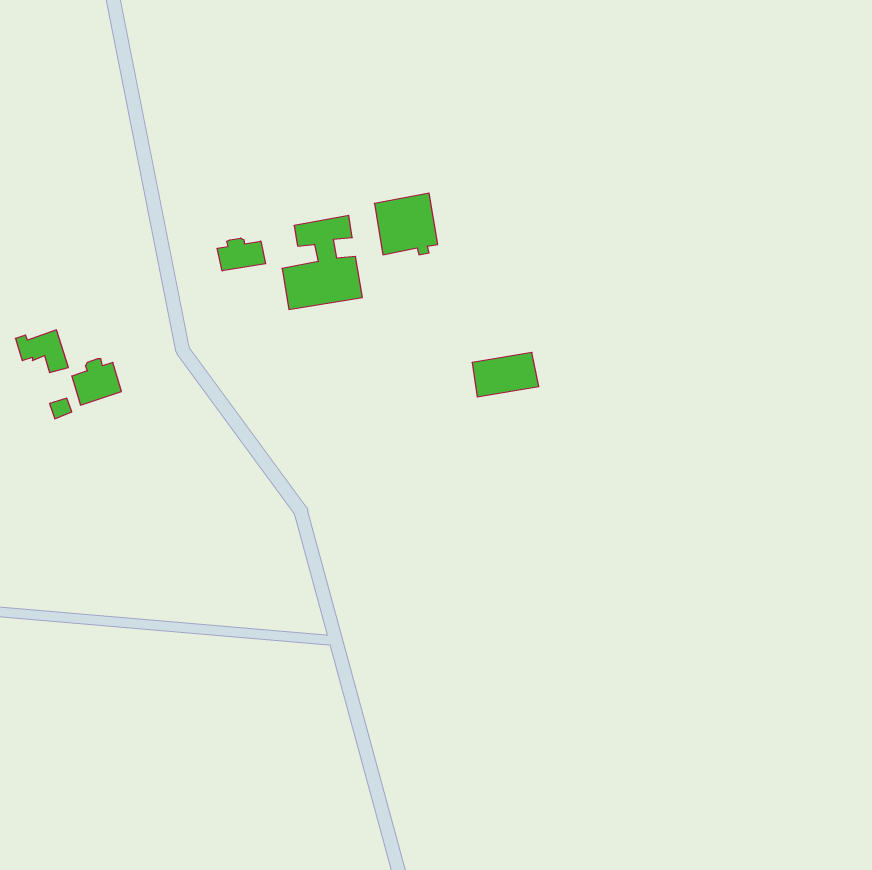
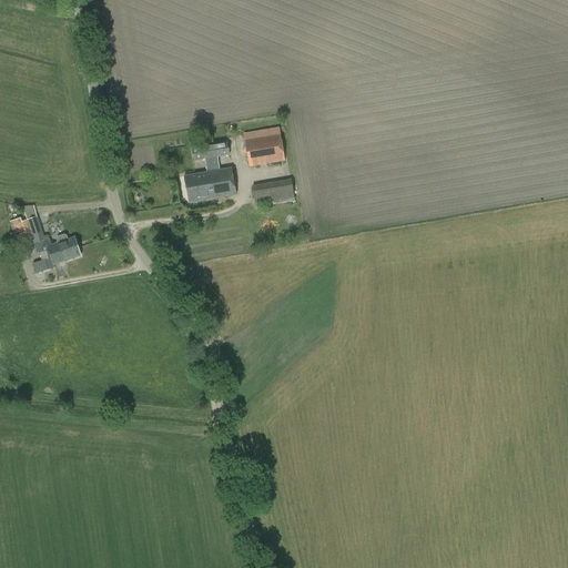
building: [217,238,266,271] -> none
building: [472,352,539,397] -> [251,178,294,206]

